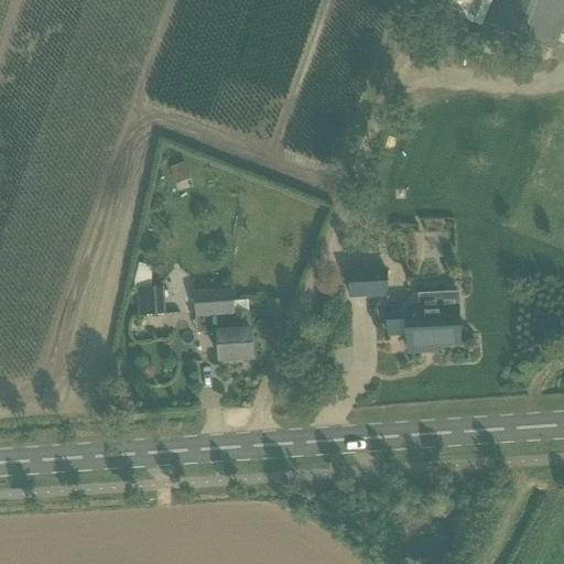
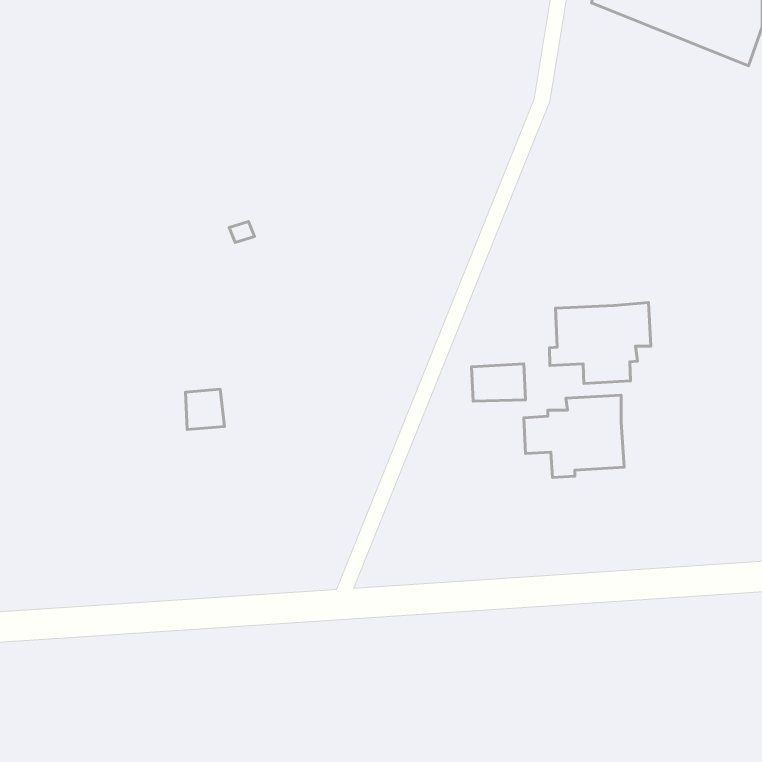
building: none -> [549,303,651,384]
building: [193,290,252,360] -> none

